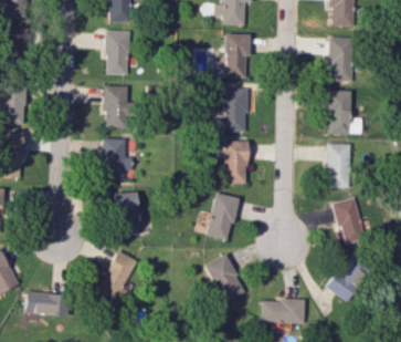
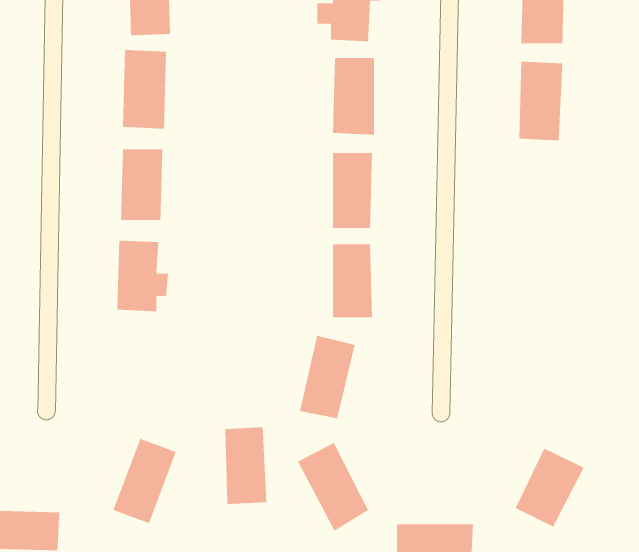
building: [326,91,361,134] -> none
building: [326,143,350,188] -> none
building: [114,191,138,236] -> [225,427,267,505]
building: [331,197,365,246] -> none

